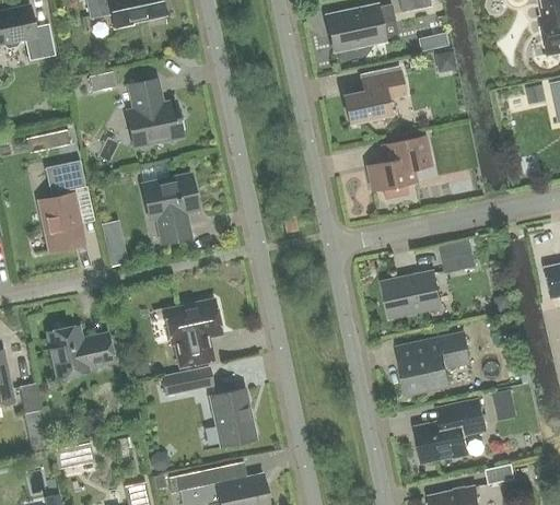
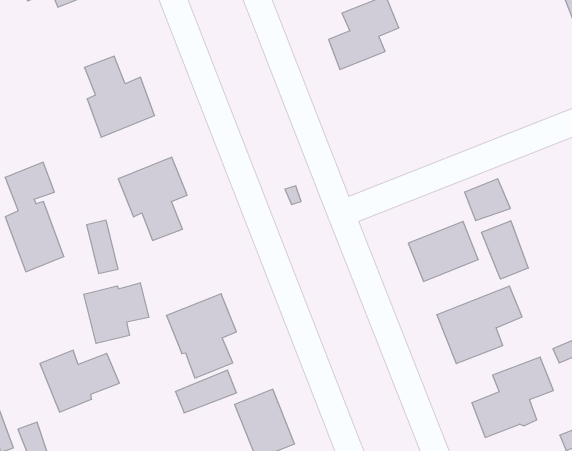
building: [368,137,430,198] -> none
building: none -> [84,283,149,344]
building: none -> [482,221,528,279]

